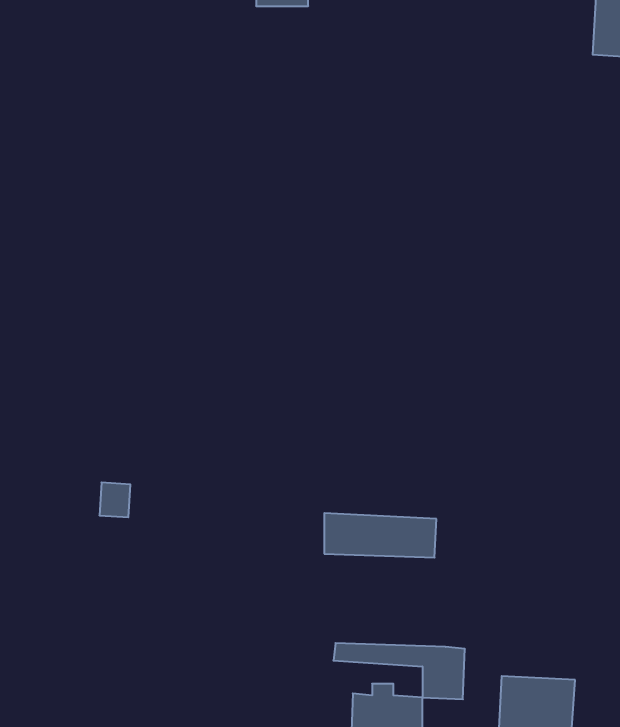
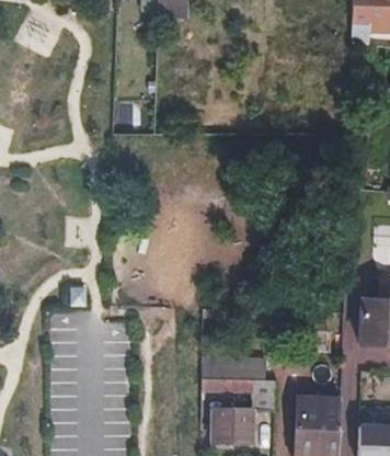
building: [324,513,436,558] -> [203,355,266,380]

